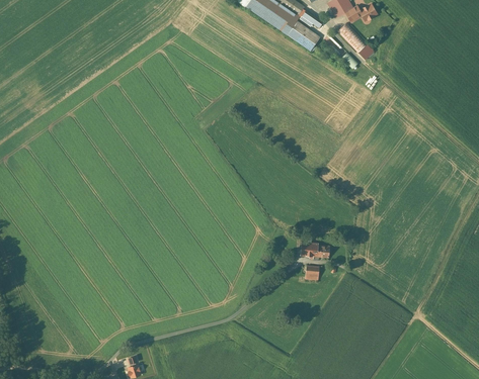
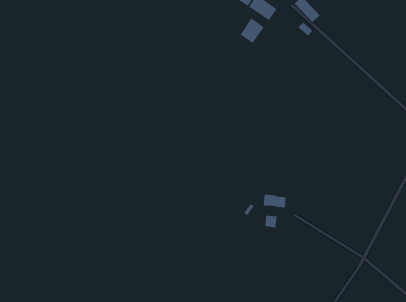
building: none -> [240,17,264,44]

